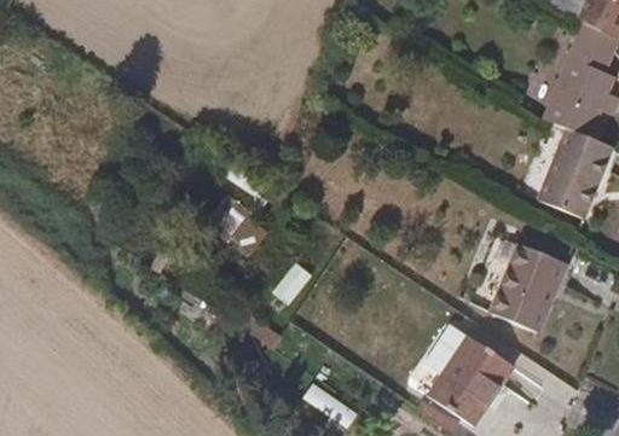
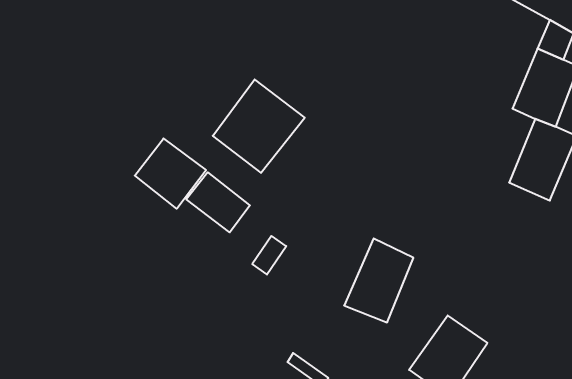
building: none -> [213,79,305,173]
building: none -> [135,138,206,209]
building: [491,244,565,333] -> [344,238,413,322]

